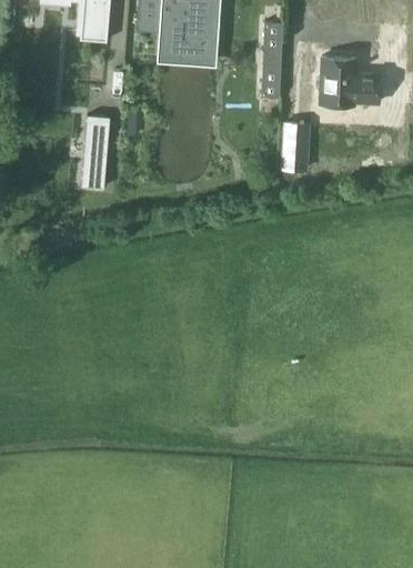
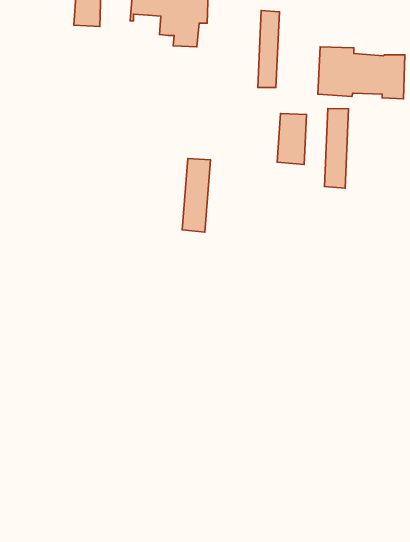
building: [82,116,110,189] -> [182,159,210,232]
building: none -> [324,108,348,188]

